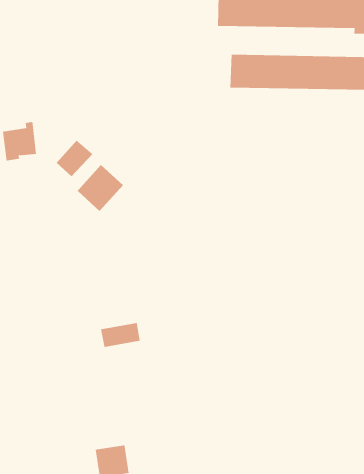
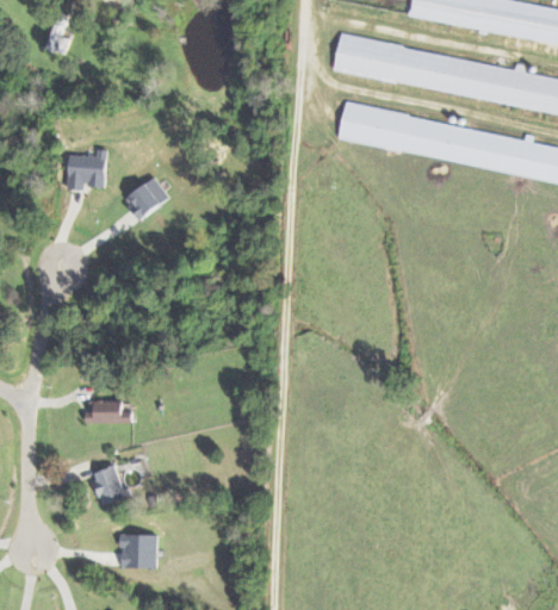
building: [77,164,124,212] -> none
building: [100,323,140,347] -> [86,399,130,422]
building: none -> [92,465,123,504]

